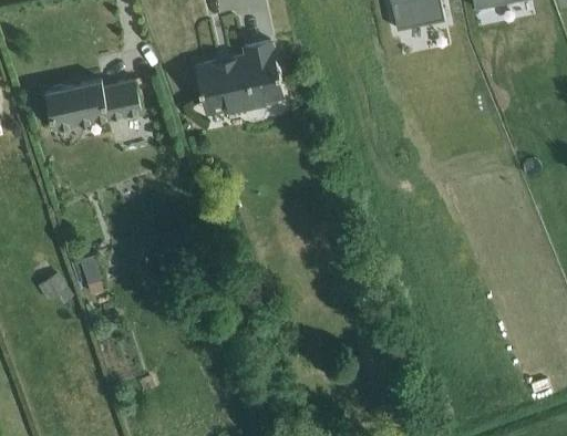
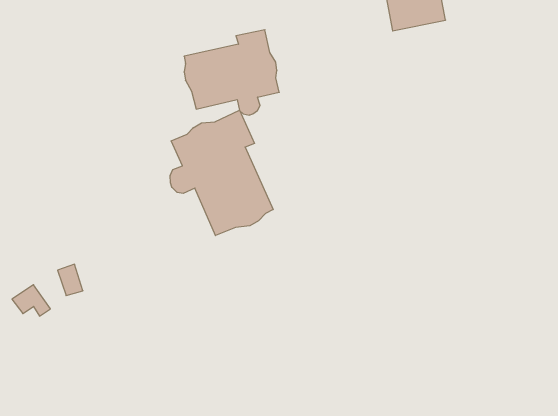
building: [50,79,146,128] -> none
building: none -> [170,110,273,236]

